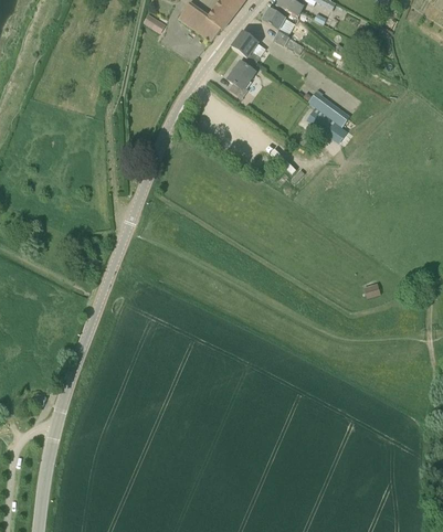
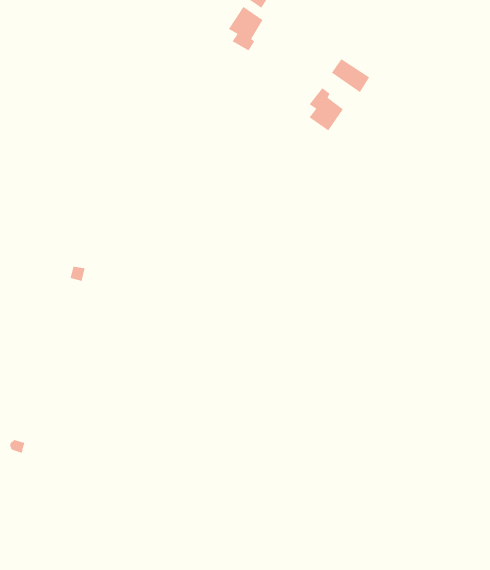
building: none -> [309,87,344,132]

